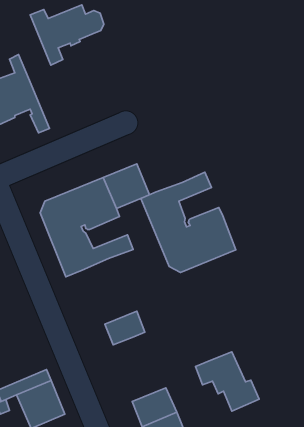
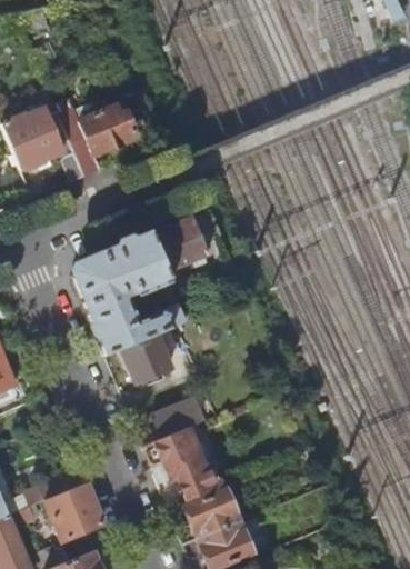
building: [30,5,104,65] -> [60,102,150,176]
building: [141,172,236,273] -> none
building: none -> [126,335,172,381]
building: [195,352,259,411] -> [144,430,222,502]

